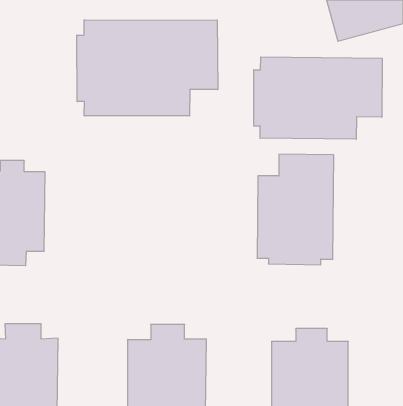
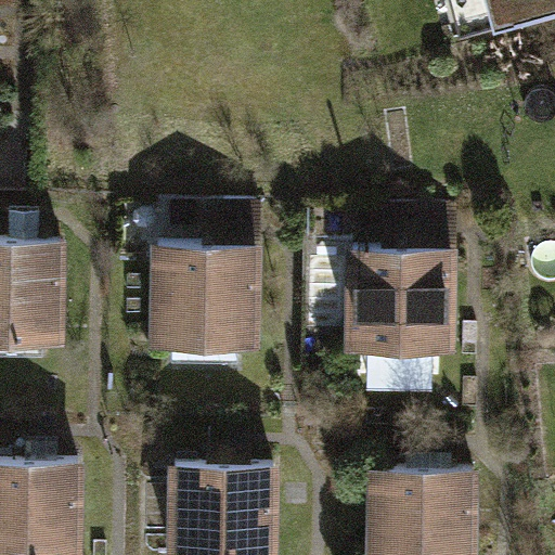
building: [77,20,218,116] -> none
building: [254,57,382,139] -> none
building: none -> [146,212,258,371]

